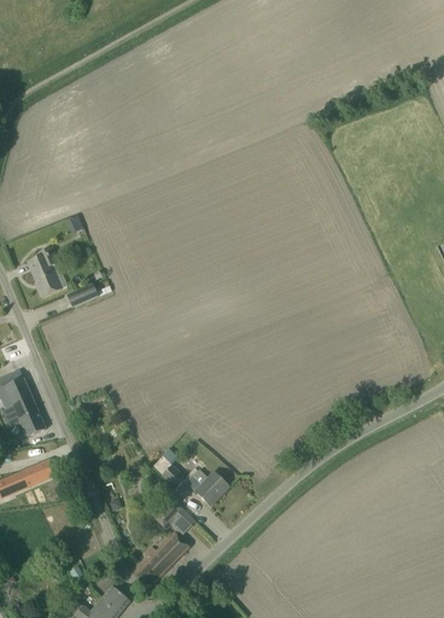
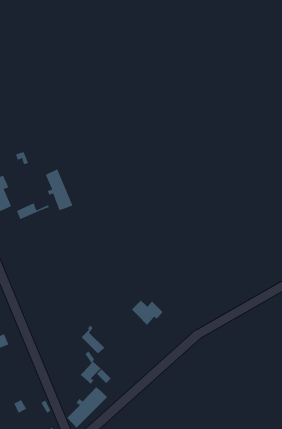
building: none -> [45,169,73,211]
building: [186,468,229,503] -> [131,300,163,326]

